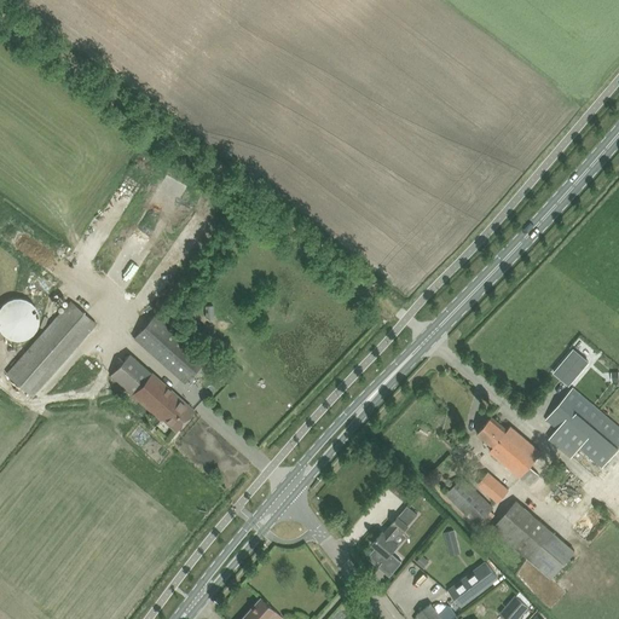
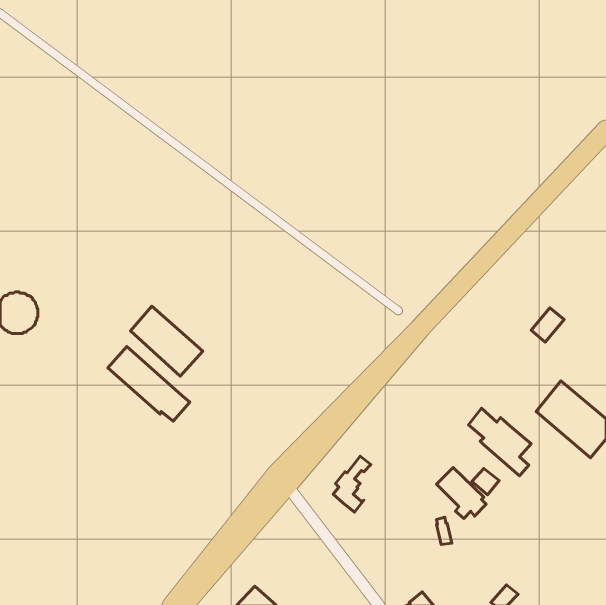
building: [7,302,97,397] -> none
building: [554,351,588,386] -> [531,308,564,342]
building: [491,501,575,579] -> none
building: [370,517,409,574] -> [333,456,371,512]
building: [449,562,498,607] -> none

